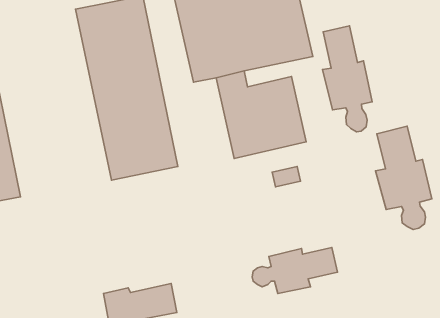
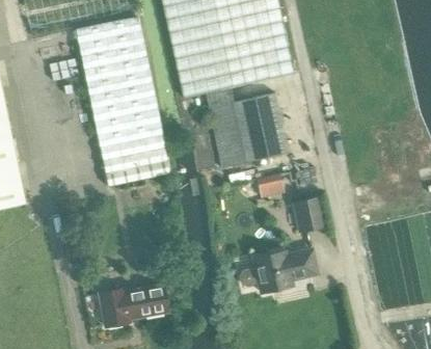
building: [323,26,372,132] -> none
building: [376,126,432,229] -> none
building: none -> [298,195,329,230]

